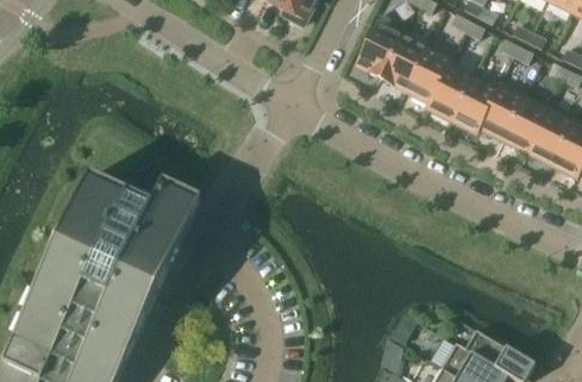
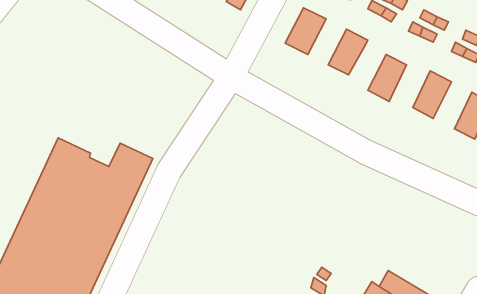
building: [381,36,426,89] -> none
building: [426,65,473,119] -> none
building: [478,84,524,139] -> none
building: [527,109,572,164] -> none

